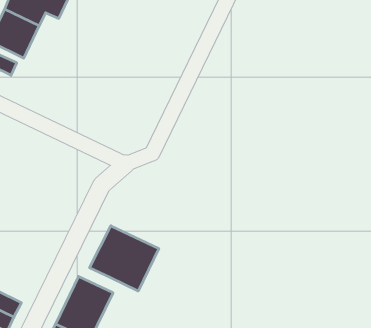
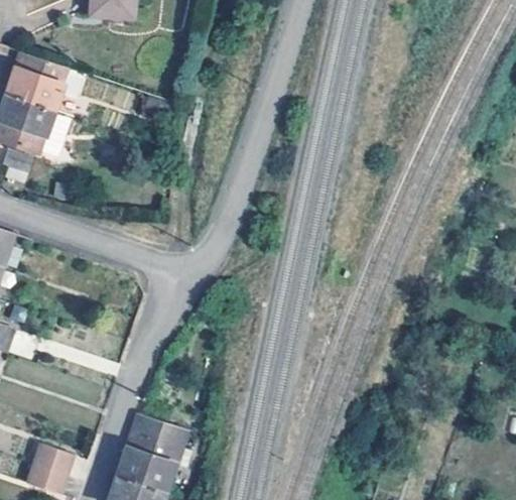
building: [90,226,159,291] -> none

